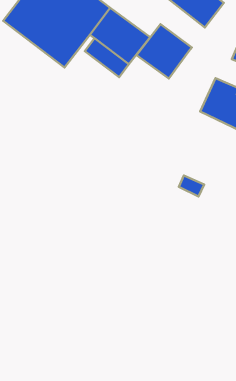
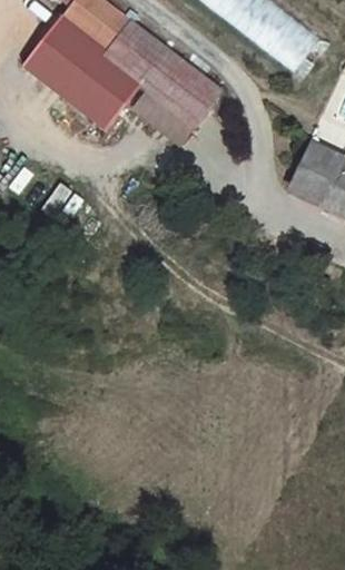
building: [136,24,192,78] -> none

